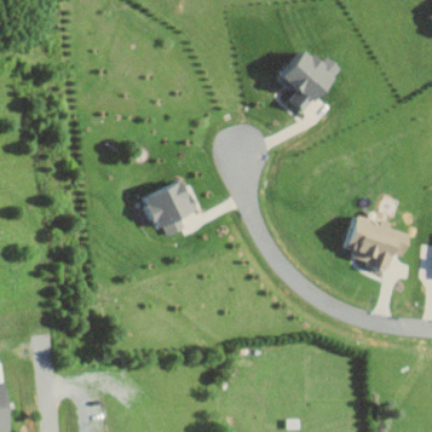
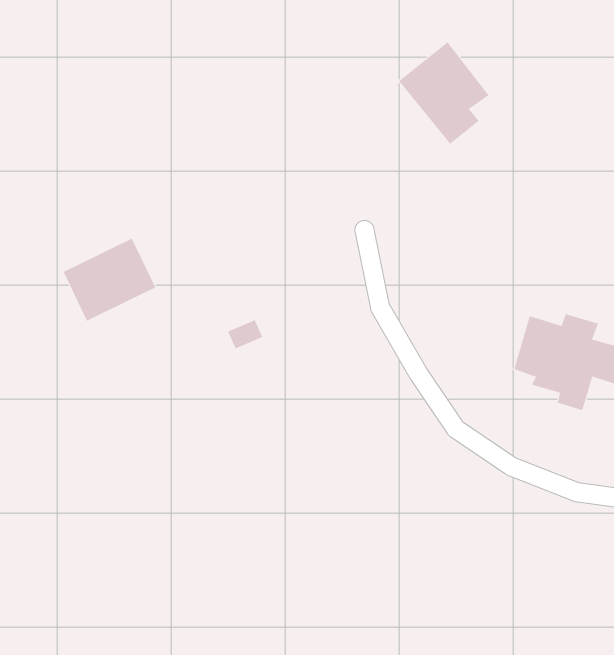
building: [136,177,192,227] -> [63,238,156,321]

